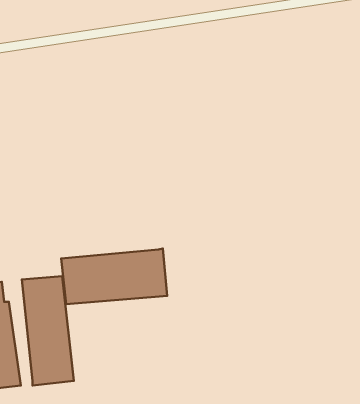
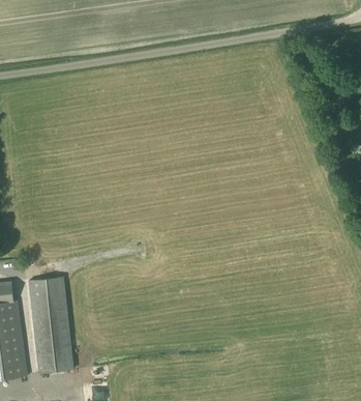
building: [61,248,167,304] -> none

